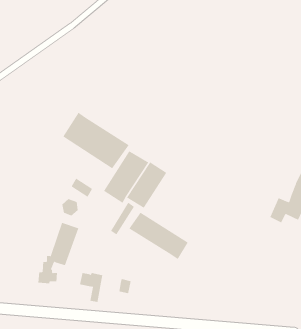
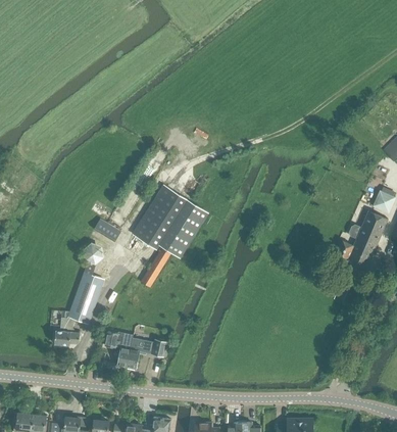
building: [63,112,129,169] -> none
building: [128,212,189,260] -> none
building: none -> [127,338,153,369]

